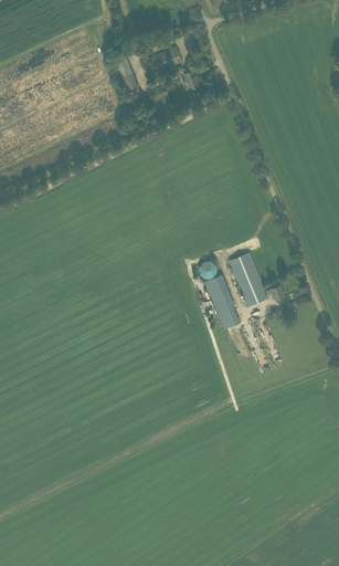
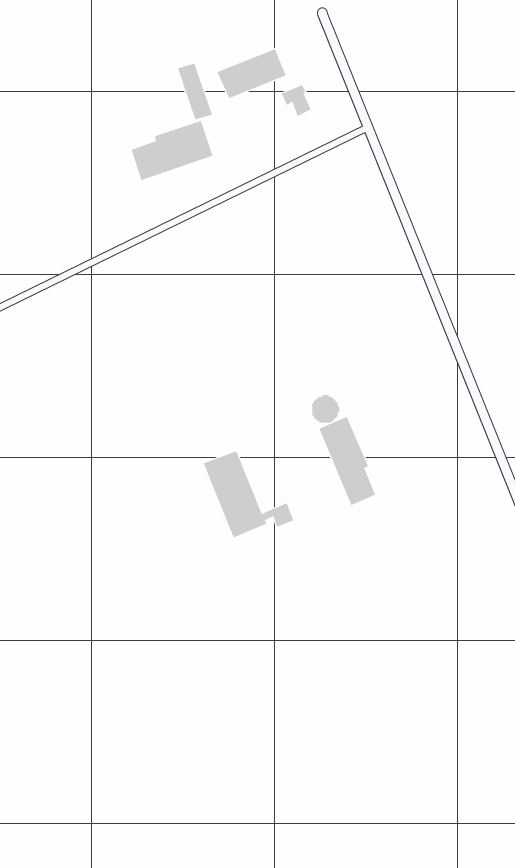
building: none -> [131,120,213,181]
building: [229,252,285,306] -> [203,450,294,538]

